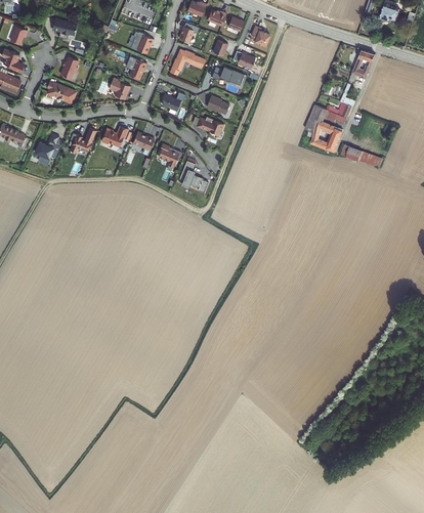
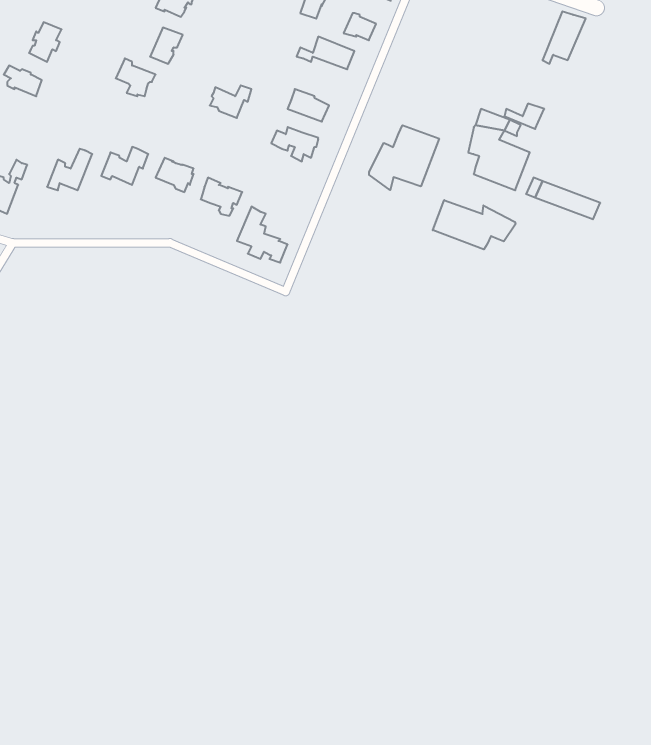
building: [169,49,205,75] -> none
building: none -> [369,125,439,190]
building: none -> [433,200,516,249]

